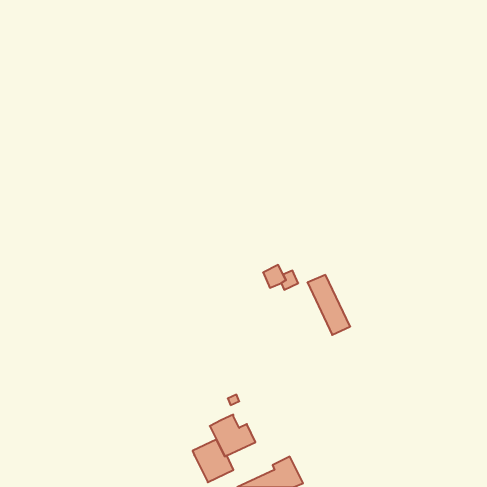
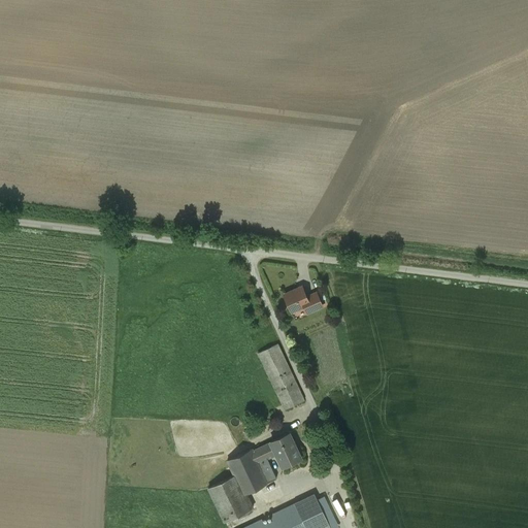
building: [307,275,350,335] -> [258,344,304,409]
building: none -> [253,433,301,467]

